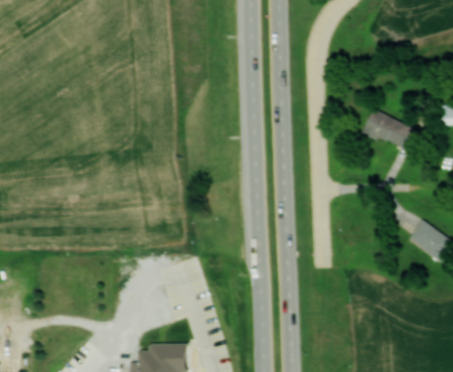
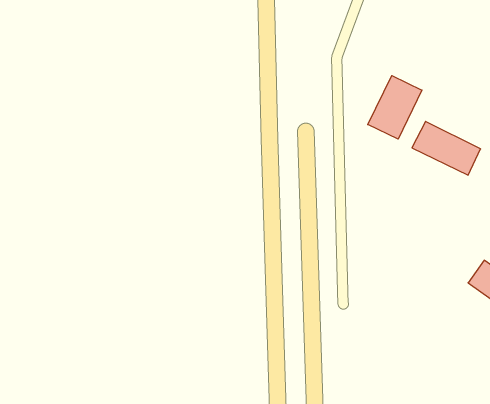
building: none -> [368,76,422,139]

